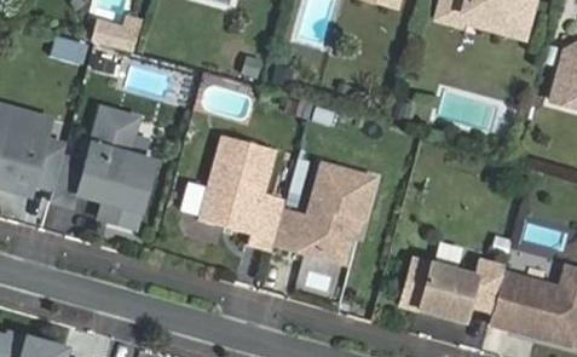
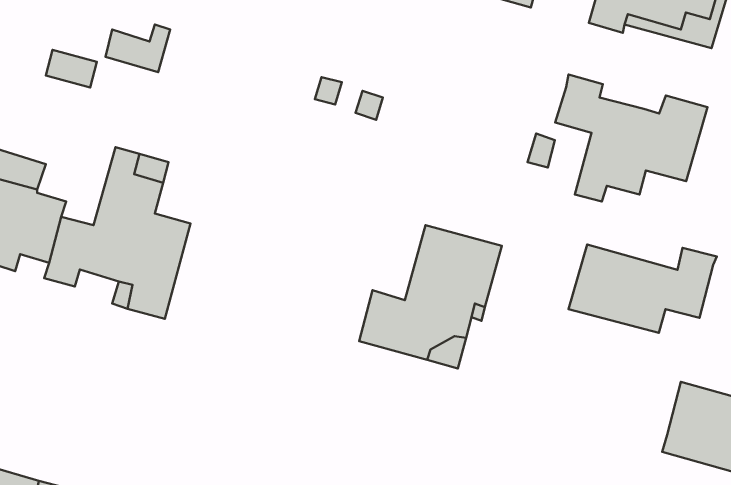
building: none -> [555,75,708,202]
building: [200,134,285,249] -> none
building: [399,258,504,321] -> [569,244,717,333]

